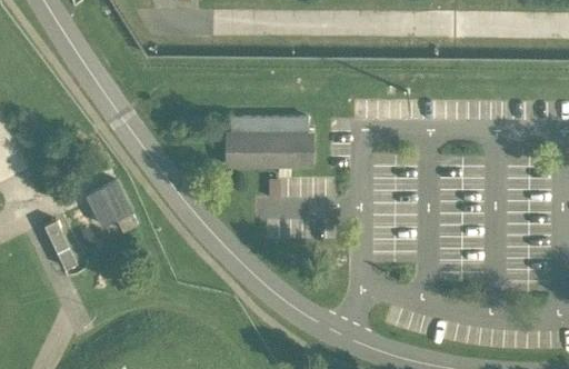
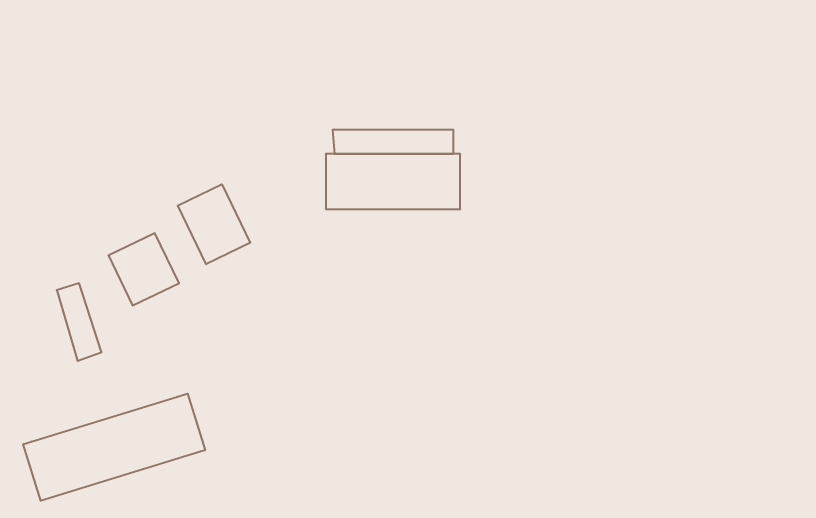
building: none -> [178,184,250,264]
building: none -> [23,394,205,501]

